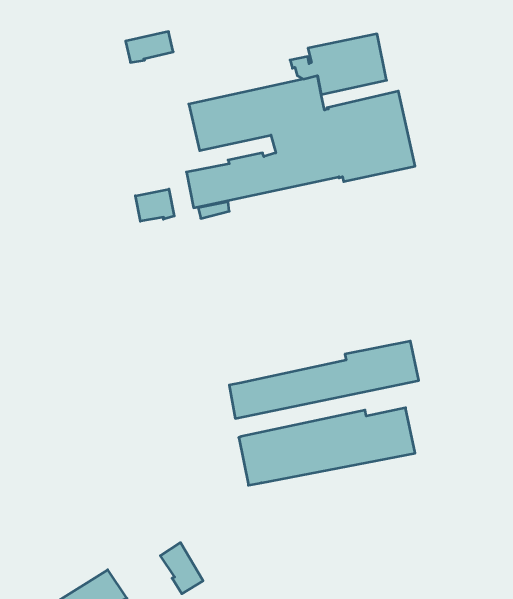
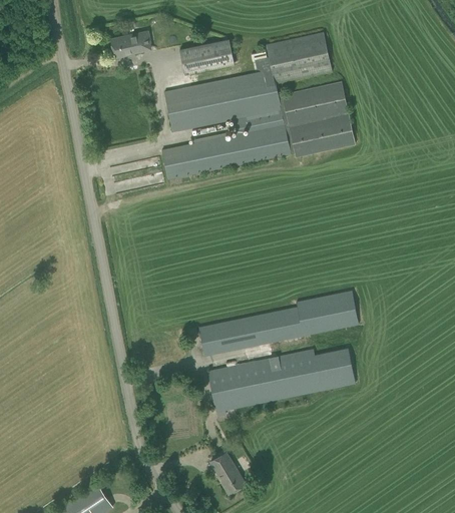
building: none -> [178,38,234,75]
building: [135,189,174,221] -> none
building: [160,543,203,594] -> [209,451,246,494]

